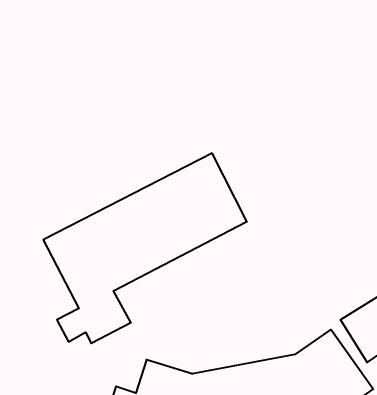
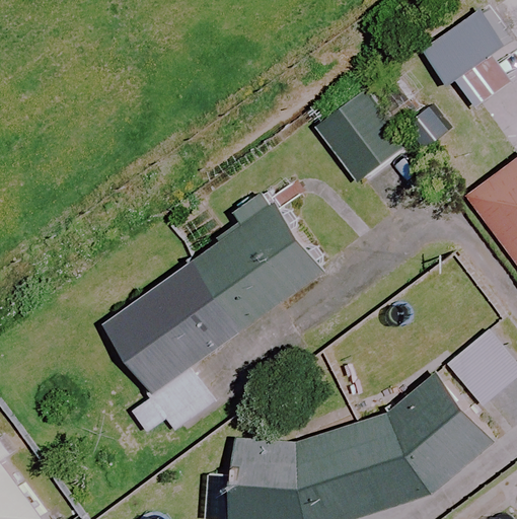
building: none -> [312,89,405,184]

